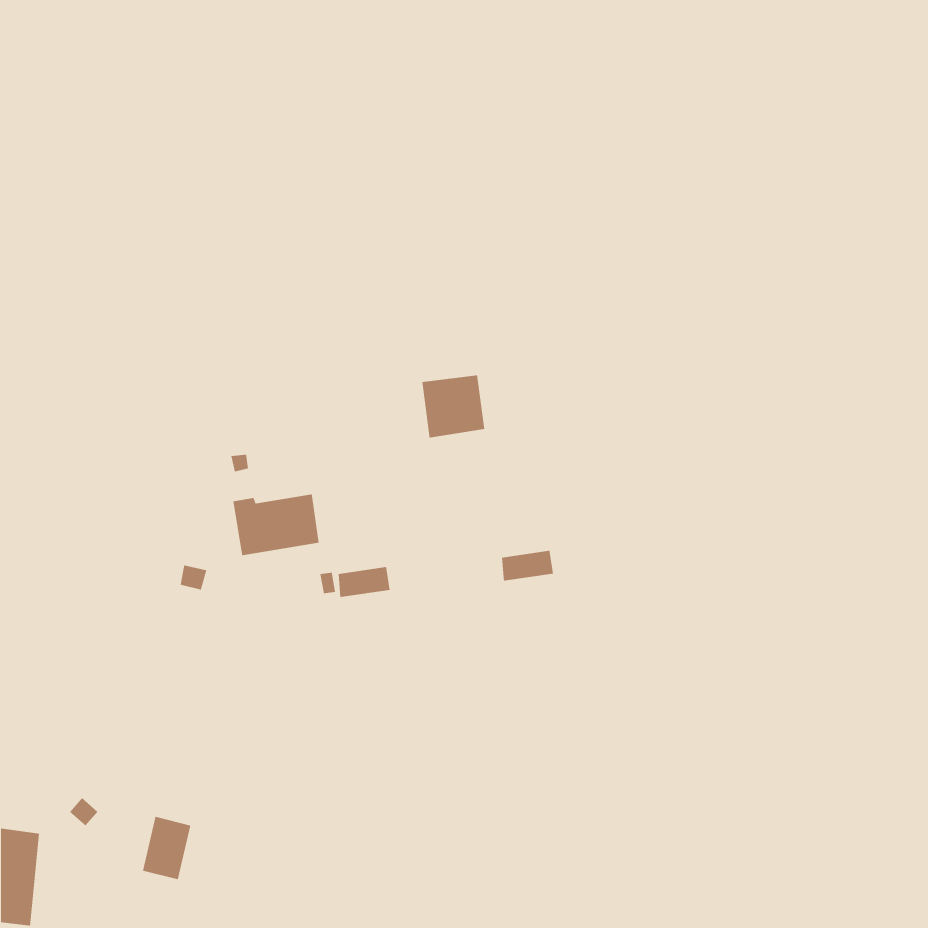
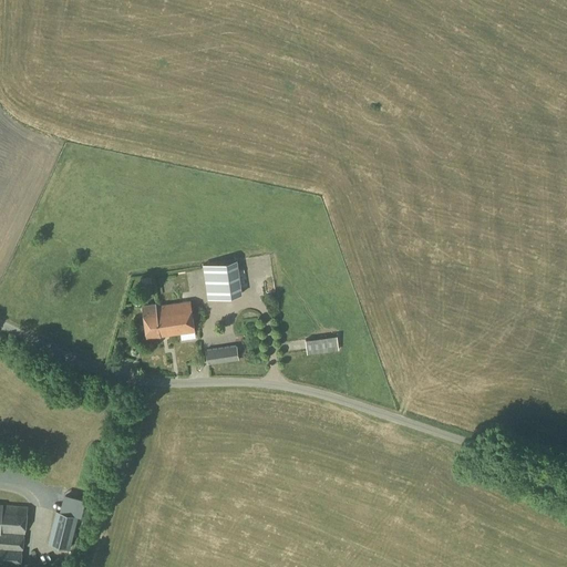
building: [421,375,485,438] -> [203,260,241,299]
building: [142,816,191,880] -> [48,509,78,548]

